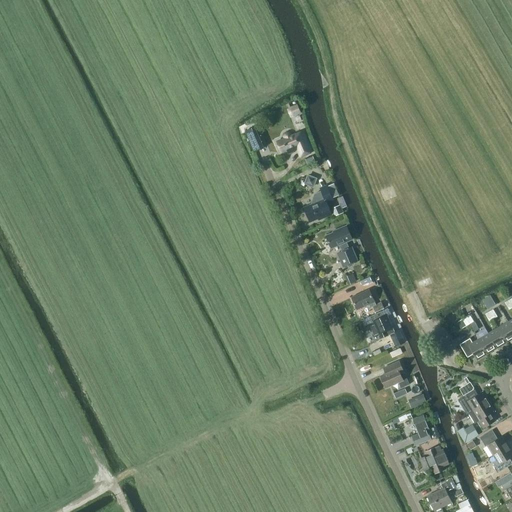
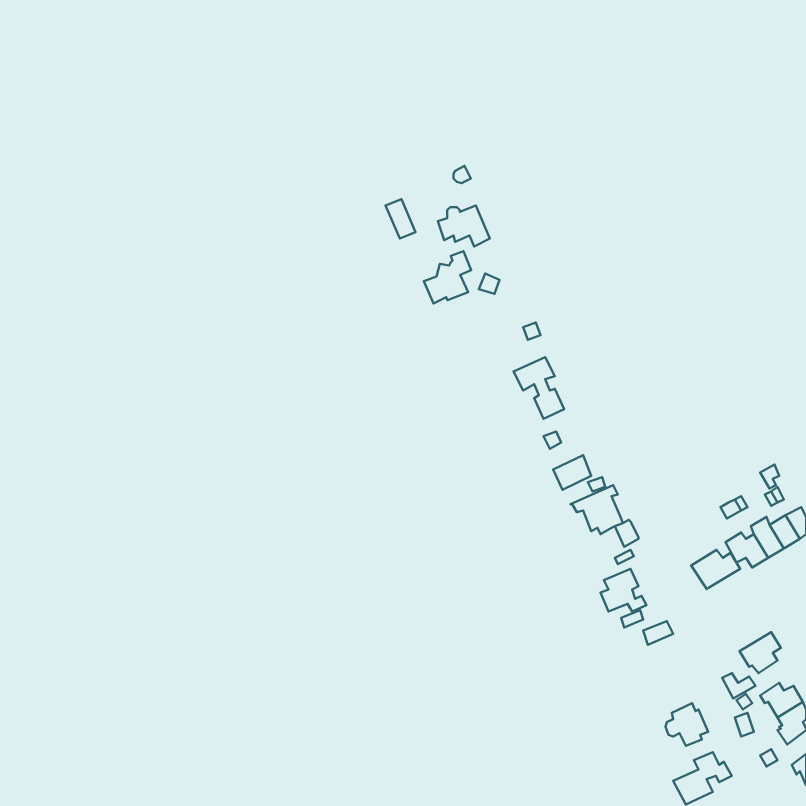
building: [303,187,333,220] -> [424,251,471,303]
building: [457,388,488,413] -> [691,550,740,589]
building: [411,415,435,445] -> none

